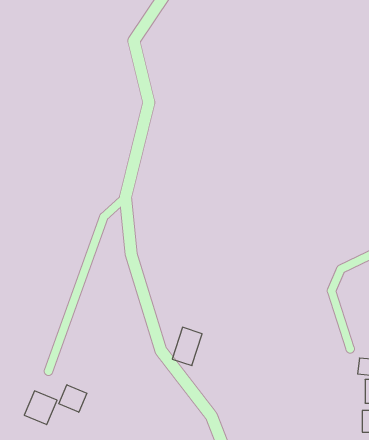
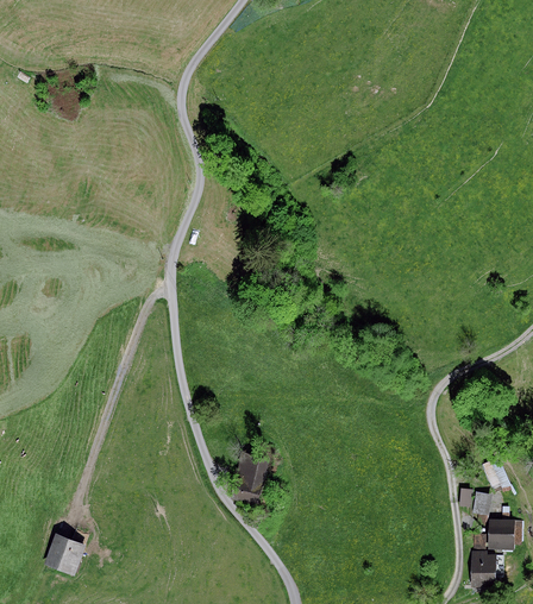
building: [59,385,87,412] -> none

